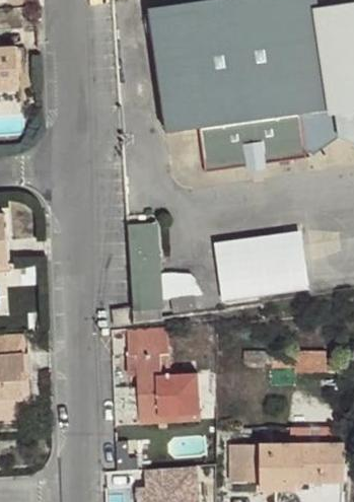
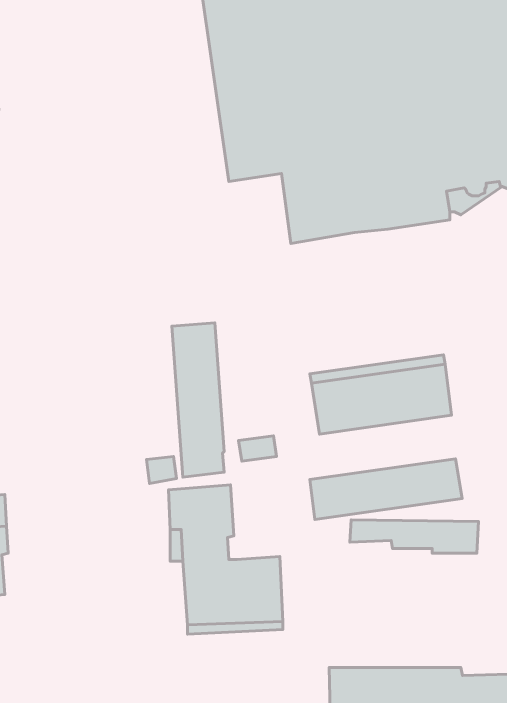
building: none -> [310,459,462,520]

